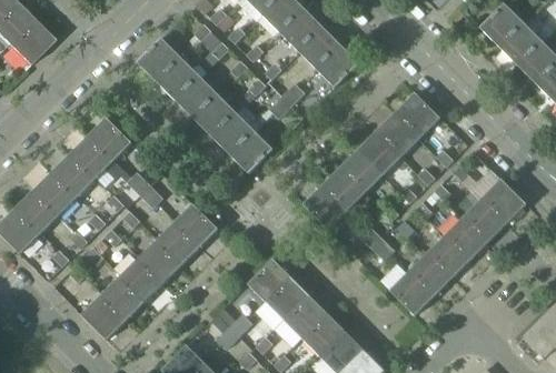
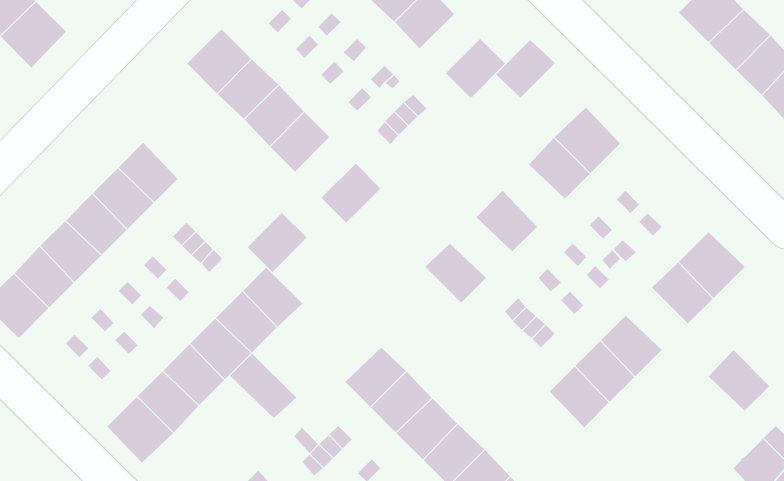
building: [299,28,341,69] -> [495,39,556,98]
building: [212,113,255,155] -> [247,212,307,273]
building: [357,132,400,175] -> none
building: [320,169,364,211] -> none
building: [443,218,486,261] -> [708,349,770,412]
building: none -> [229,353,297,419]

